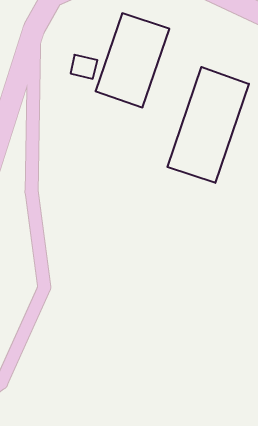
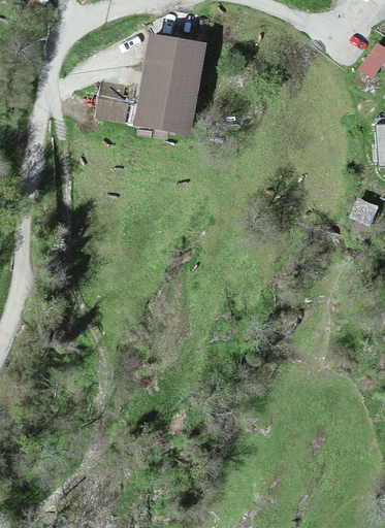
building: [167,67,249,183] -> none

